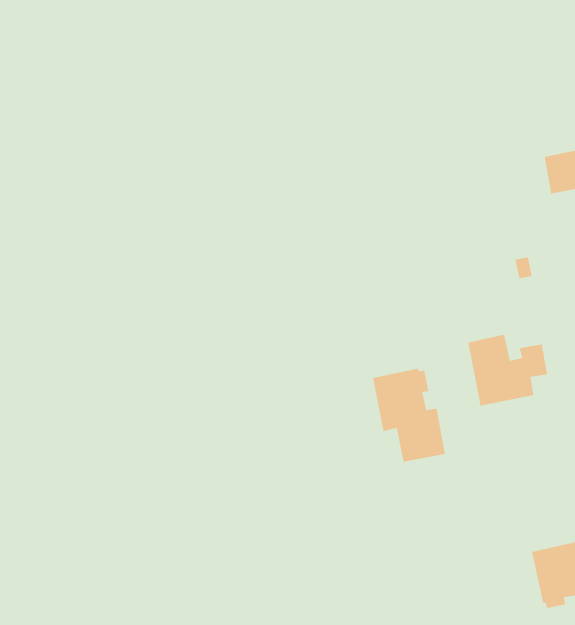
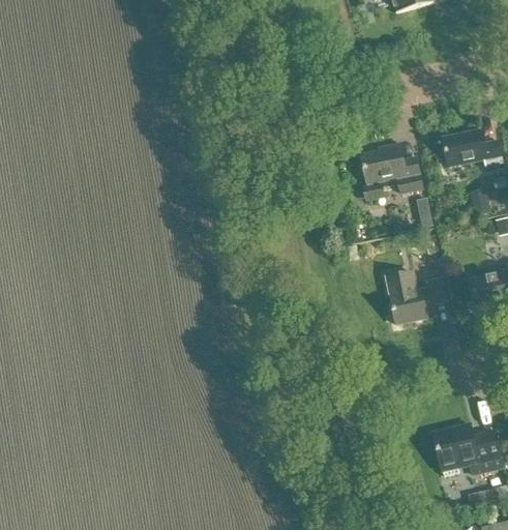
building: none -> [360,142,422,198]
building: [372,368,446,462] -> none

